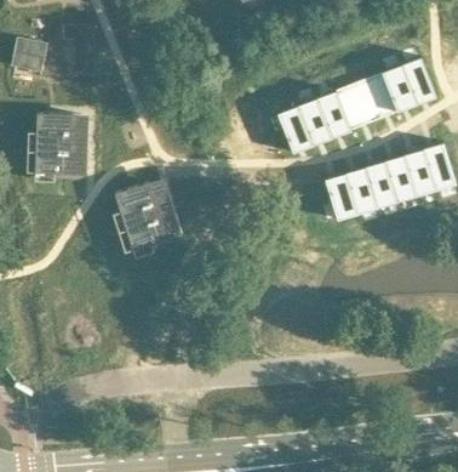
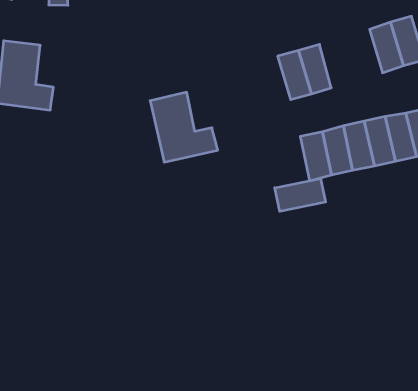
building: [336,73,397,131] -> none
building: [277,106,313,153] -> none
building: [114,182,182,250] -> [150,92,218,162]
building: none -> [275,178,326,211]

